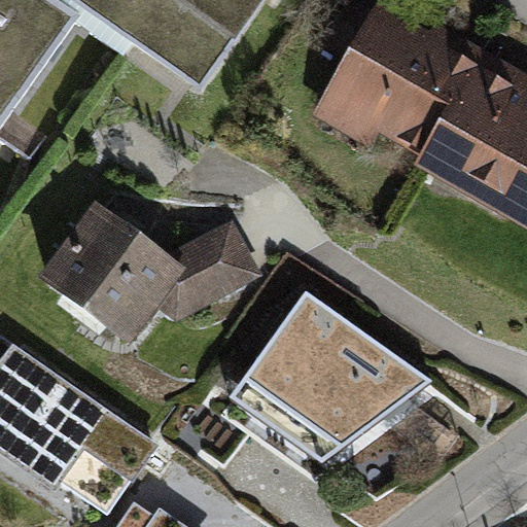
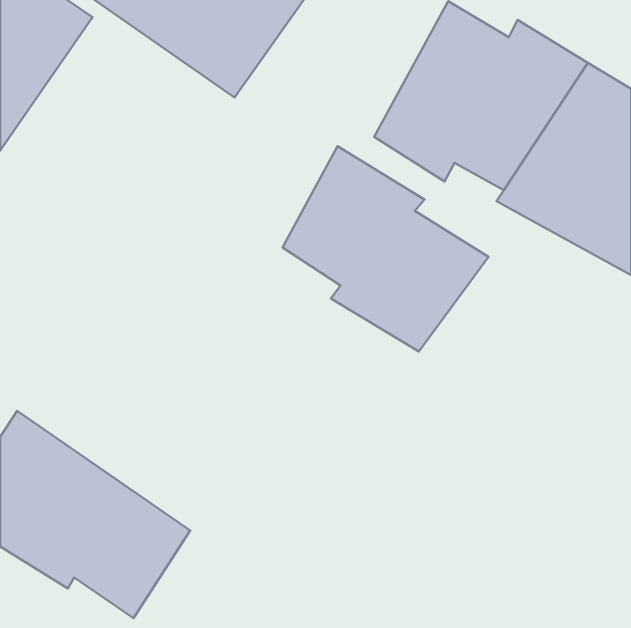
building: none -> [282,146,488,351]
building: [37,201,268,343] -> none
building: [246,290,431,443] -> none

